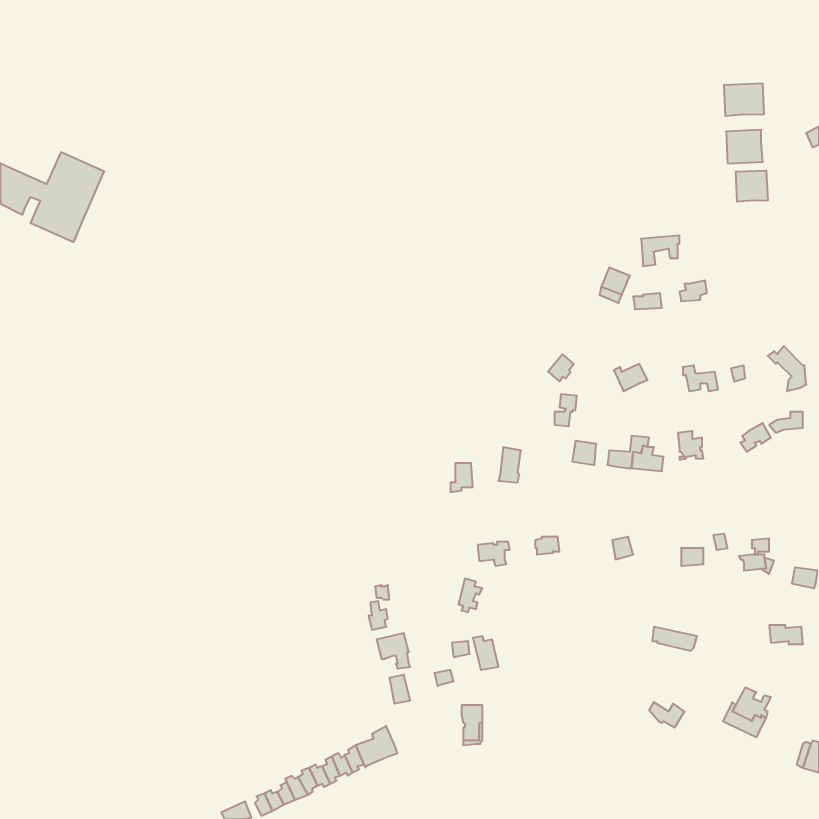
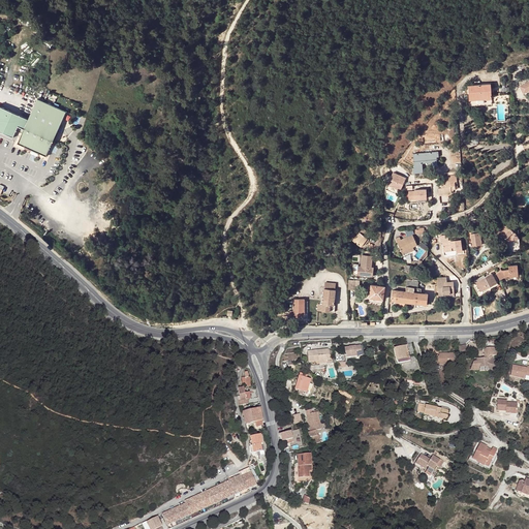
building: [724,83,764,116] -> none
building: [736,170,768,202] -> none

